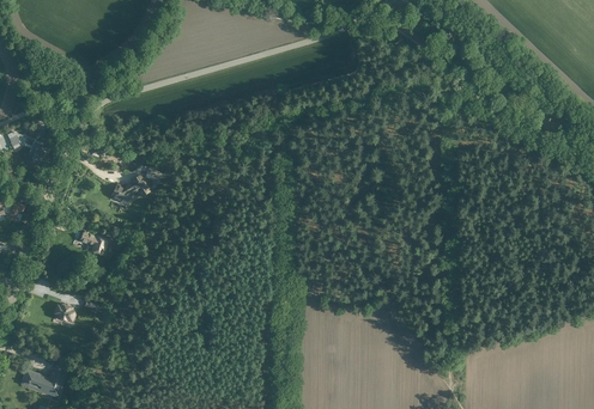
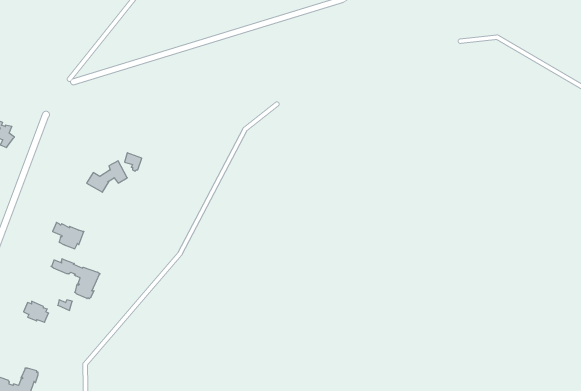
building: none -> [51,259,100,299]

